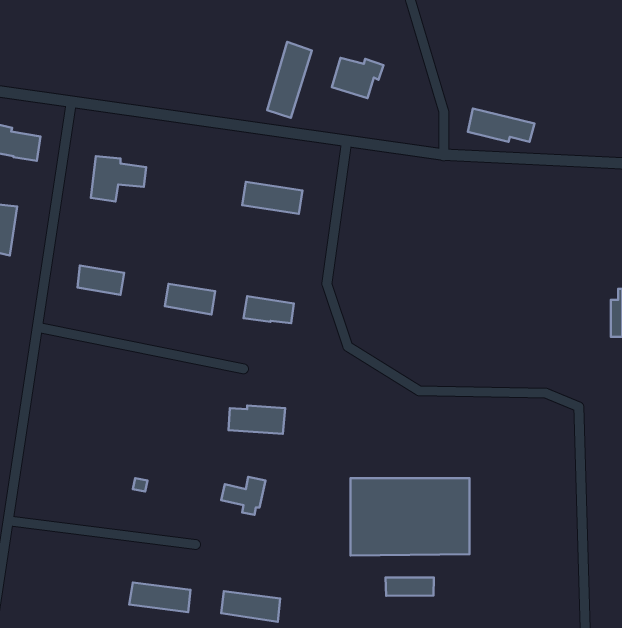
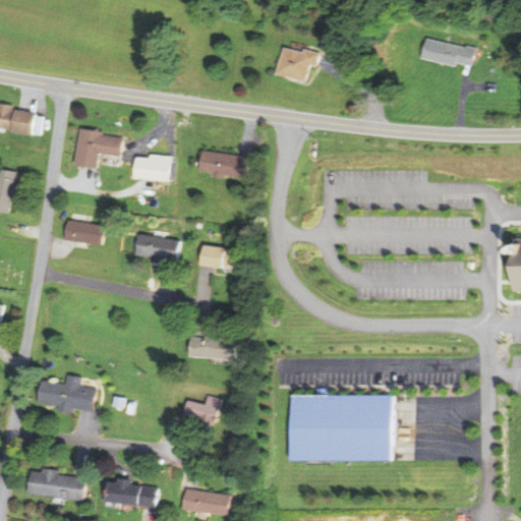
building: [267,42,312,118] -> none
building: [468,109,534,142] -> [419,38,474,65]
building: none -> [133,157,171,180]
building: none -> [37,375,95,412]
building: none -> [28,469,84,500]
building: [385,578,434,596] -> none

